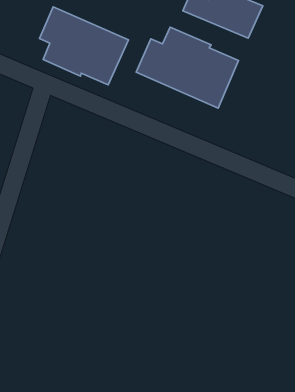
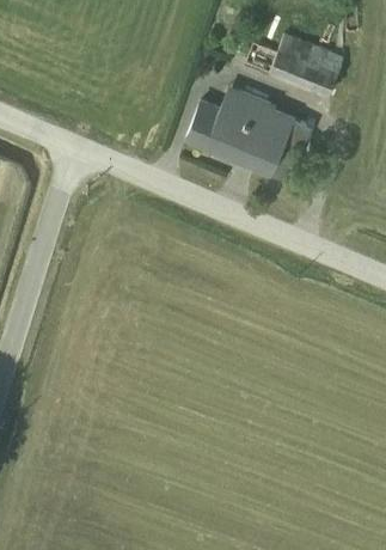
building: [39,7,129,85] -> none

